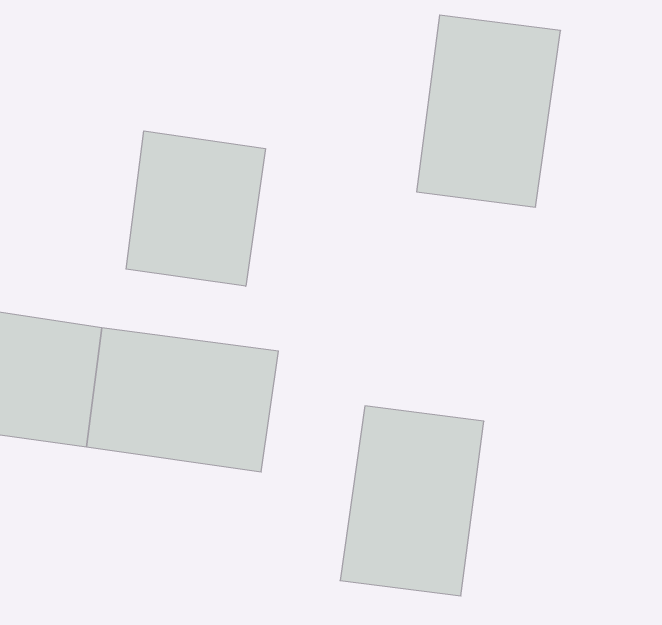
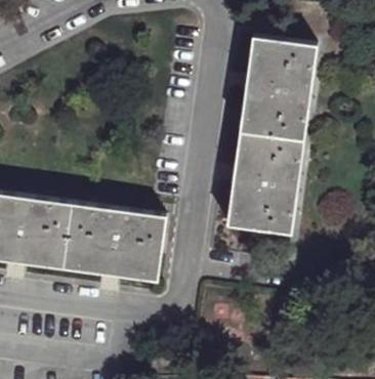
building: [126,131,265,286] -> none
building: [340,406,484,596] -> [227,129,304,230]

